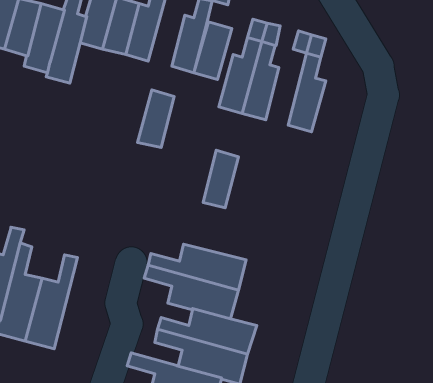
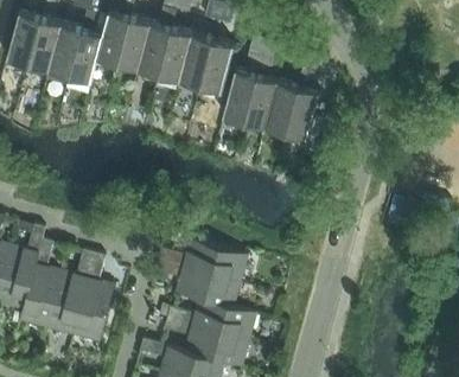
building: [138,90,174,148] -> [159,27,192,79]
building: [203,150,238,208] -> [266,81,298,133]
building: none -> [74,253,115,341]

